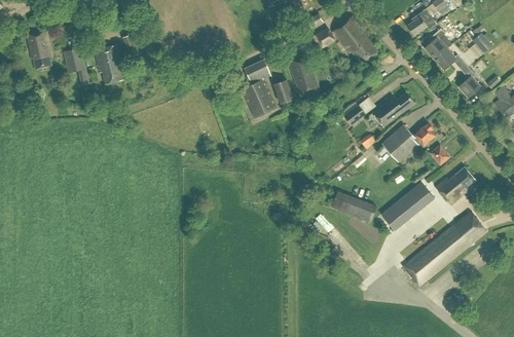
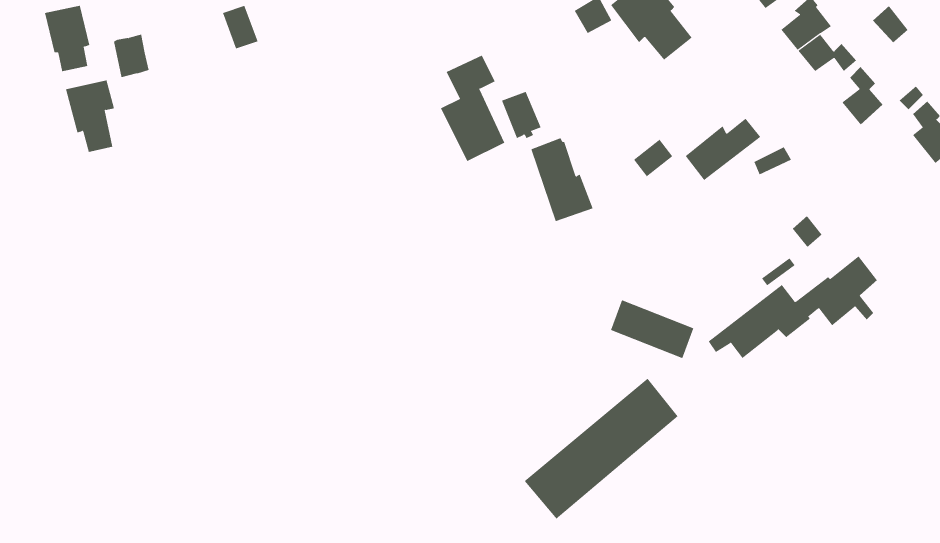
building: [94,44,120,83] -> [65,80,115,152]
building: [287,52,321,98] -> [530,138,593,222]
building: [381,123,435,162] -> none
building: [403,211,486,287] -> [524,378,679,519]

